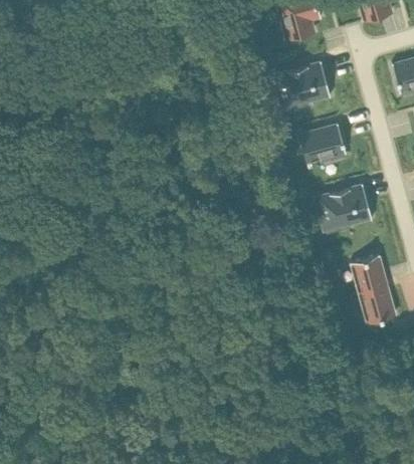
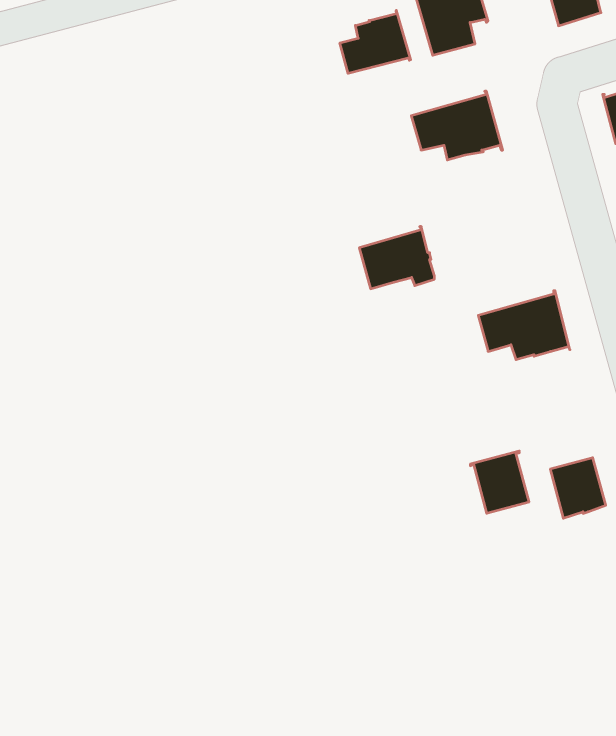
building: none -> [340,10,411,73]
building: [299,125,346,163] -> [359,227,434,289]
building: [350,256,386,294] -> [470,451,529,513]

